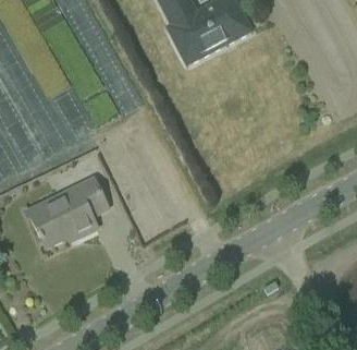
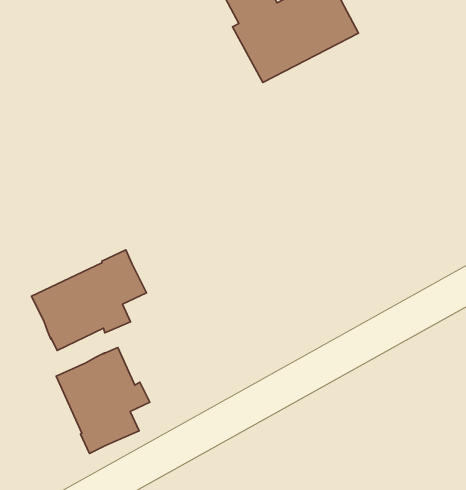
building: none -> [56,347,150,453]

